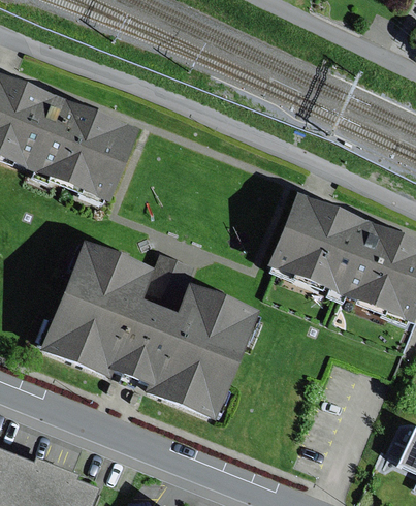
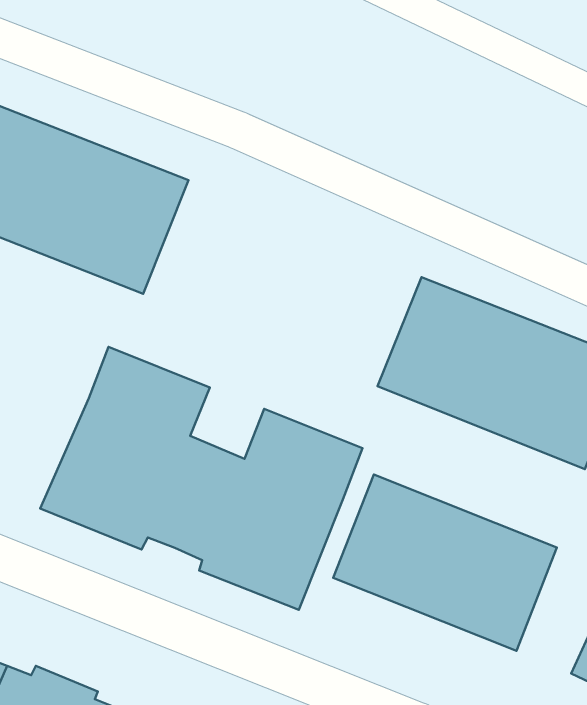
building: none -> [333,474,557,651]

